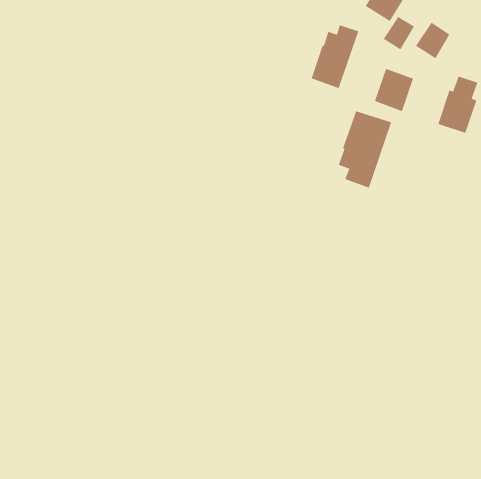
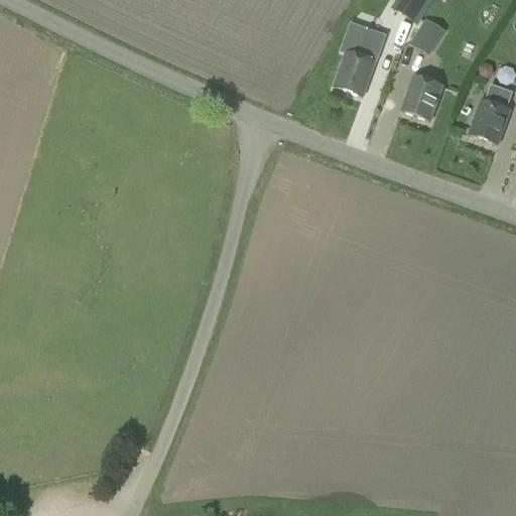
building: [415,22,450,59] -> none
building: [338,110,392,188] -> none

